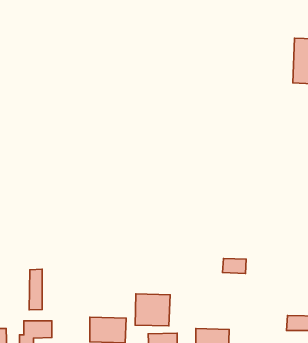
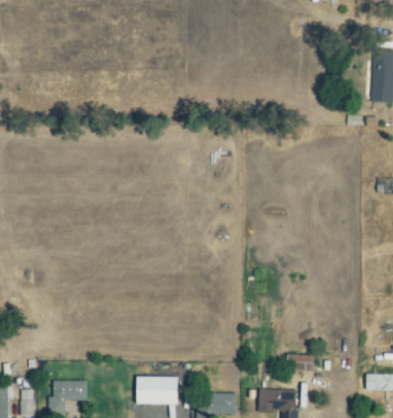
building: [222,258,246,273] -> [285,353,313,371]
building: [29,269,42,310] -> none
building: [135,294,170,326] -> none

